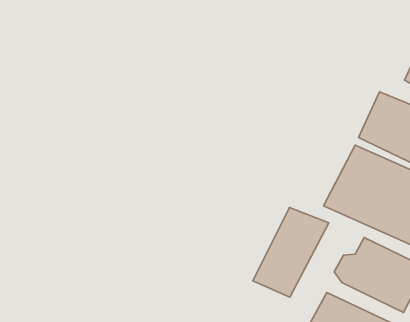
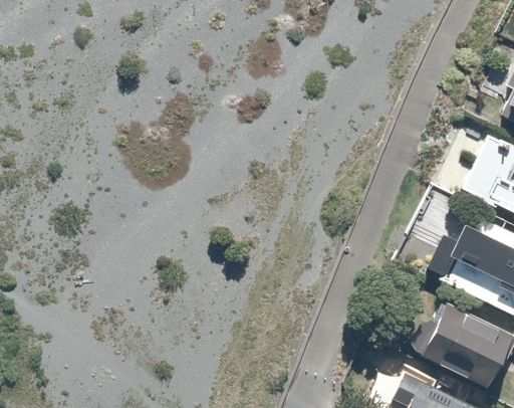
building: [253,208,329,297] -> none

